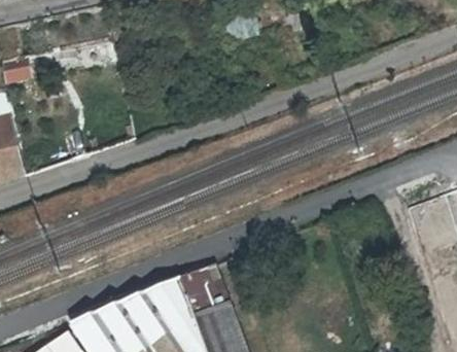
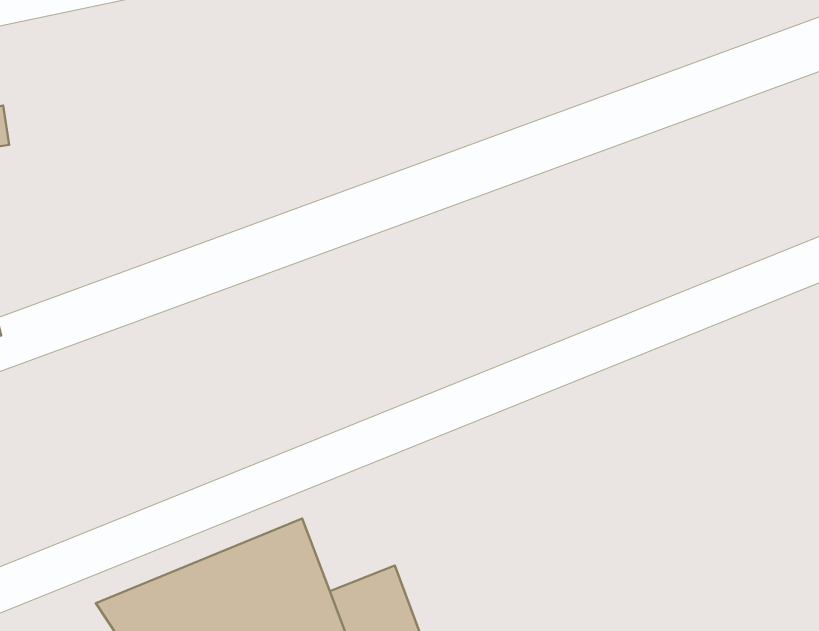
building: [178,263,226,316] -> none

